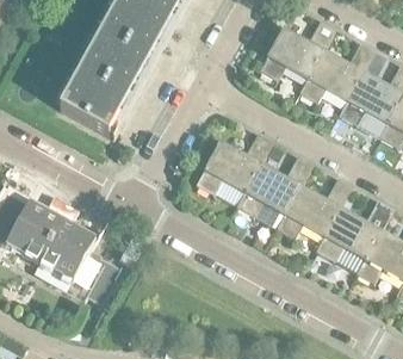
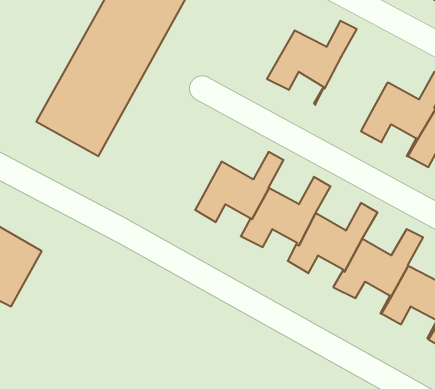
building: [298,42,374,116] -> none
building: [36,219,98,298] -> none

